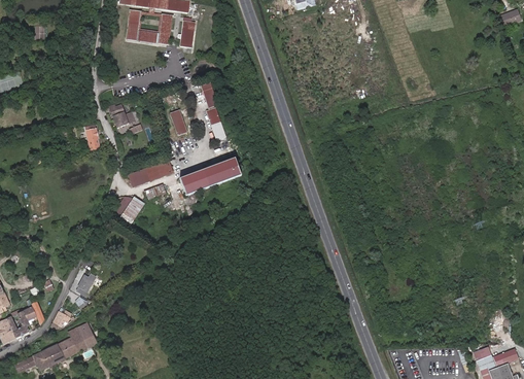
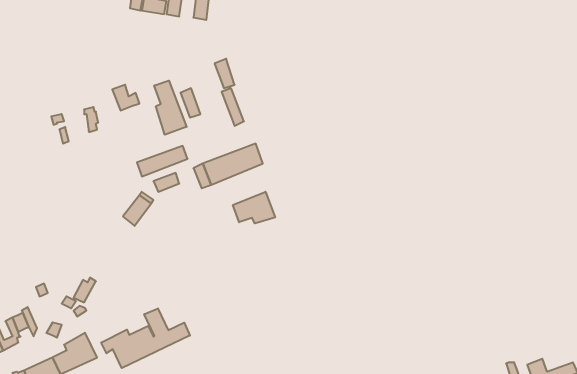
building: none -> [154,81,187,135]
building: none -> [233,192,275,223]
building: none -> [101,308,190,368]

